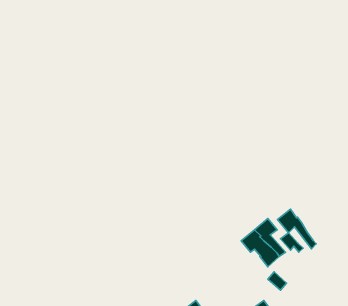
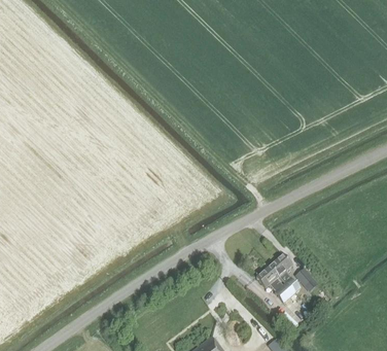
building: [278,209,316,249] -> none

